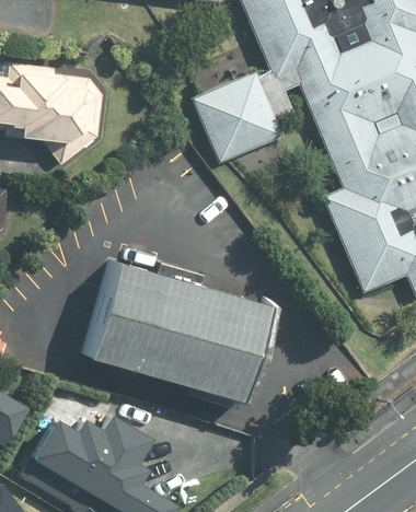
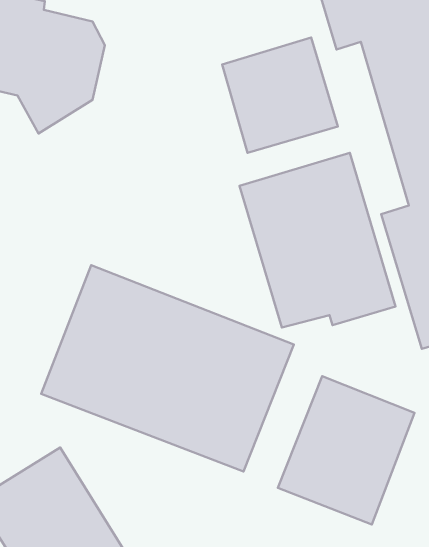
building: none -> [240,153,395,327]
building: none -> [278,376,414,525]

